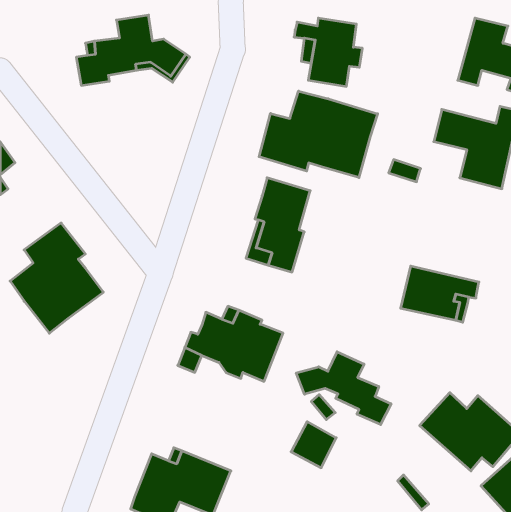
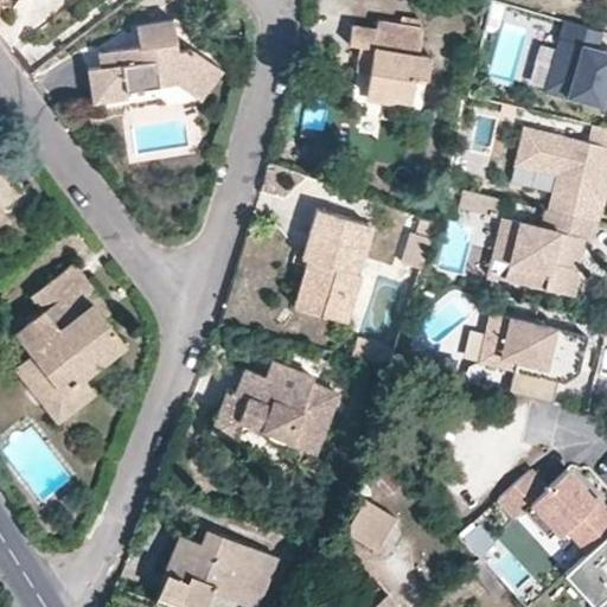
building: [259,91,378,178] -> none
building: none -> [496,211,595,298]
building: none -> [15,357,96,424]
building: [296,352,391,425] -> none

